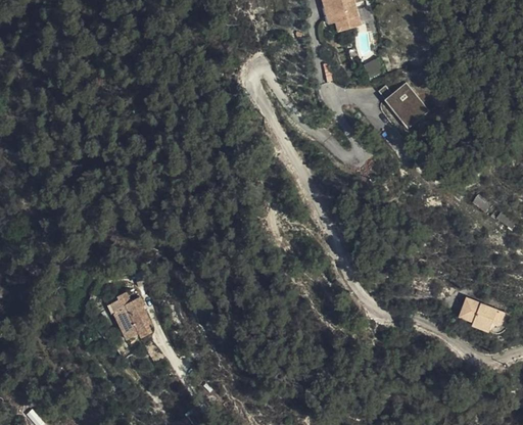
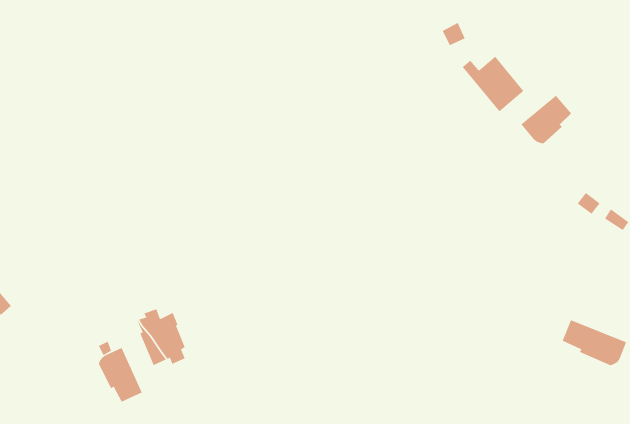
building: none -> [521,95,572,144]
building: none -> [98,347,142,402]

